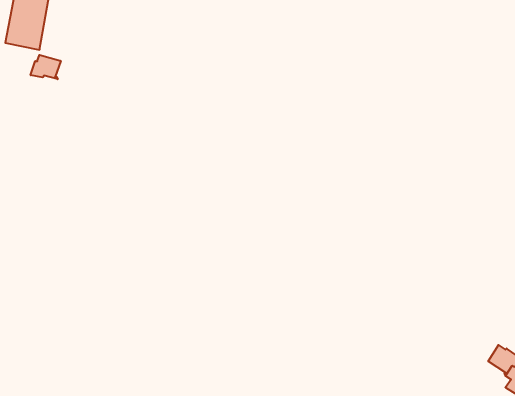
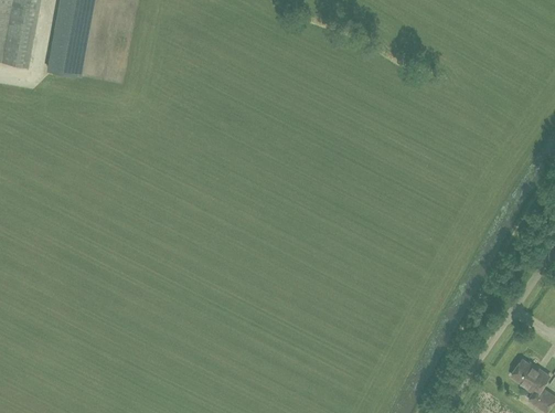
building: [31,55,61,79] -> none

